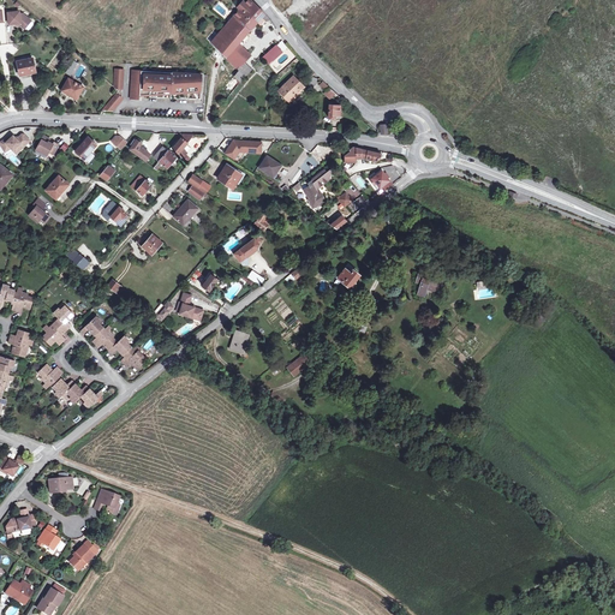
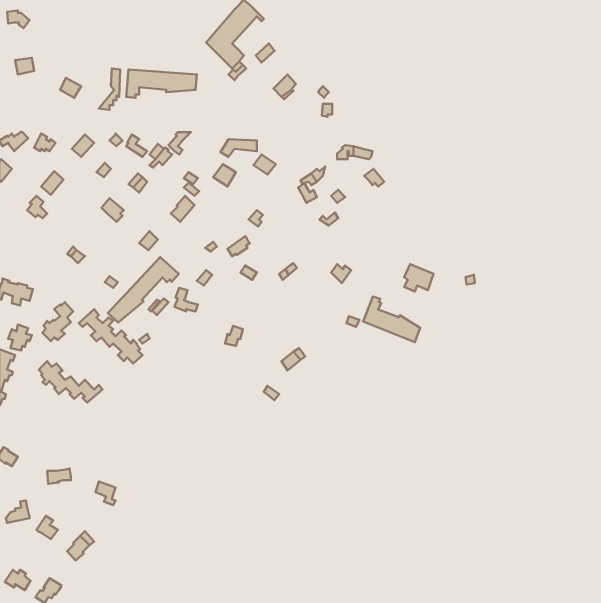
building: none -> [108,257,179,323]
building: none -> [363,296,420,342]

